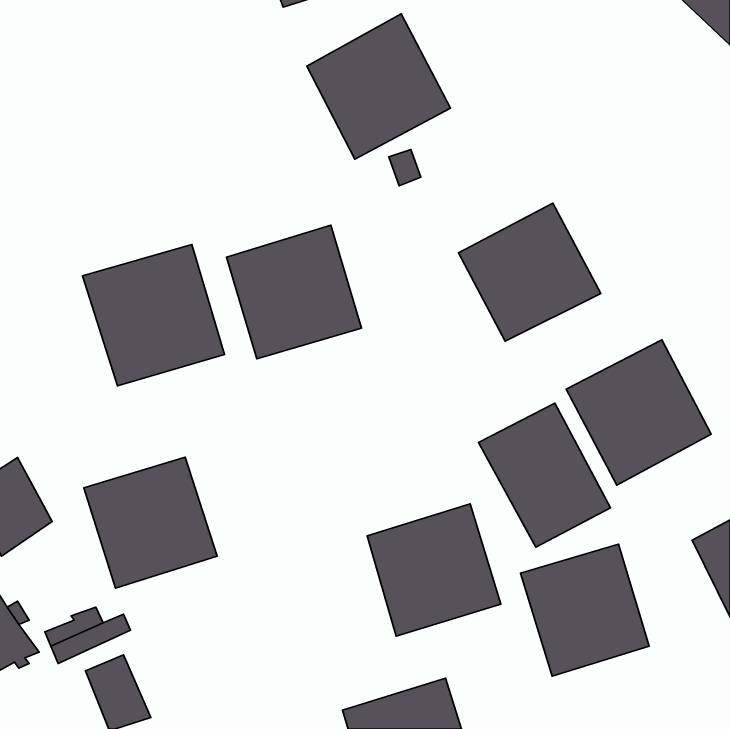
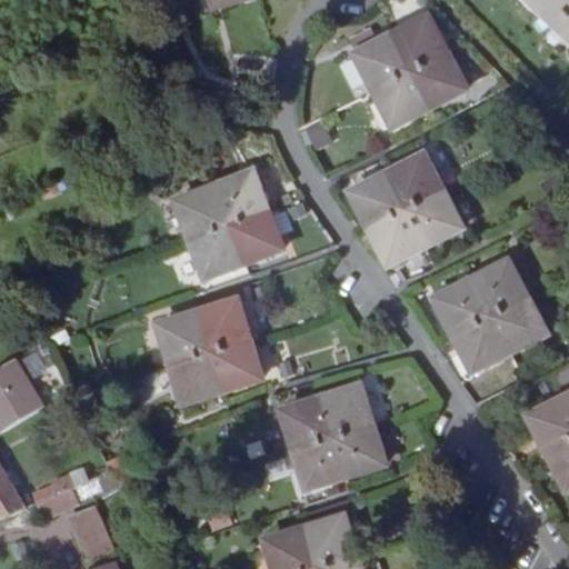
building: [307,14,451,159] -> [356,16,466,127]
building: [83,244,224,386] -> none
building: [479,403,610,547] -> none
building: [84,457,217,588] -> [161,302,263,402]
building: [521,544,649,676] -> none

